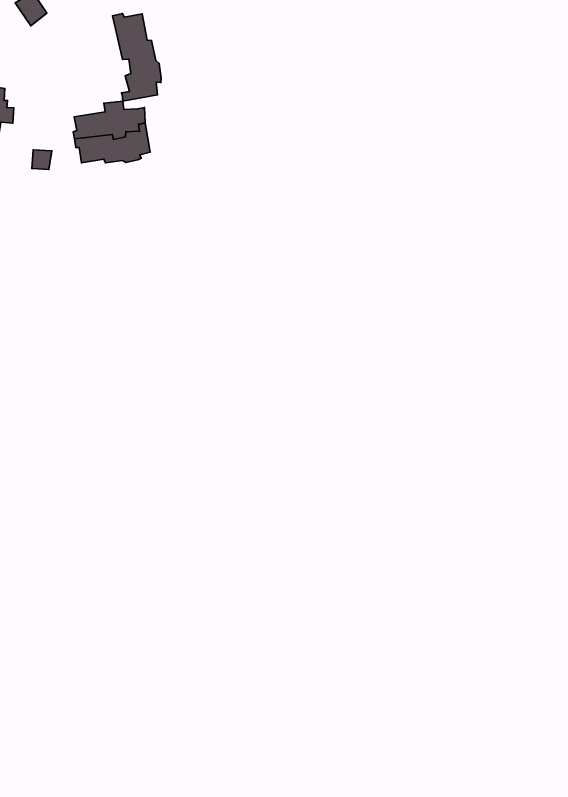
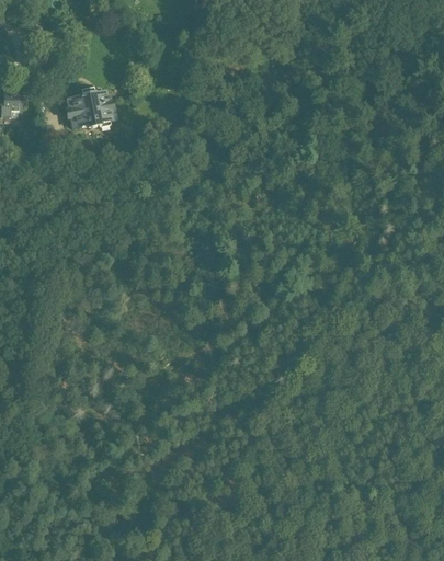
building: [112,14,161,101] -> none

